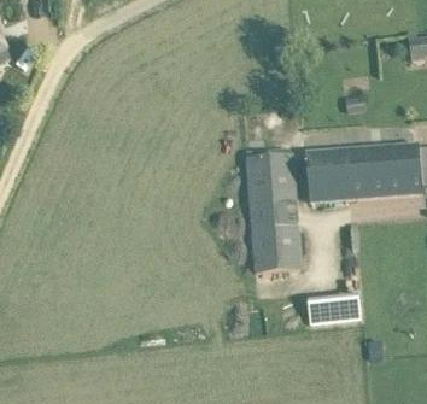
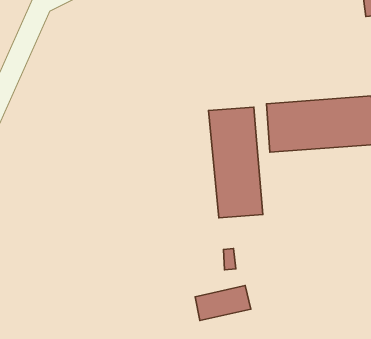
building: [303,289,362,327] -> [195,285,251,320]

